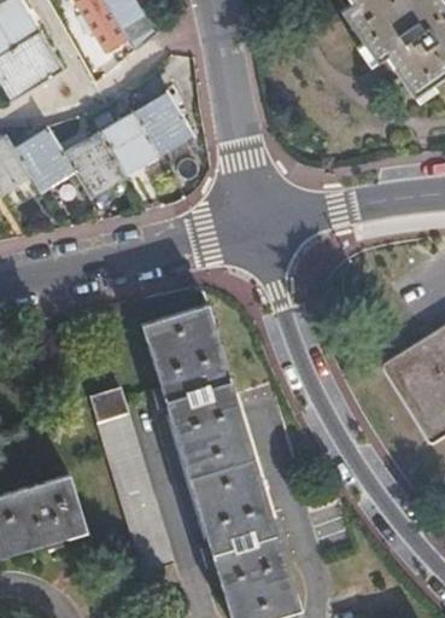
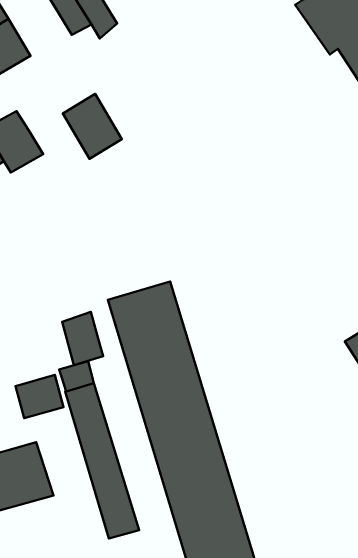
building: [129,88,192,156] -> none
building: [62,129,123,197] -> none
building: none -> [62,312,103,365]
building: none -> [15,375,64,418]

